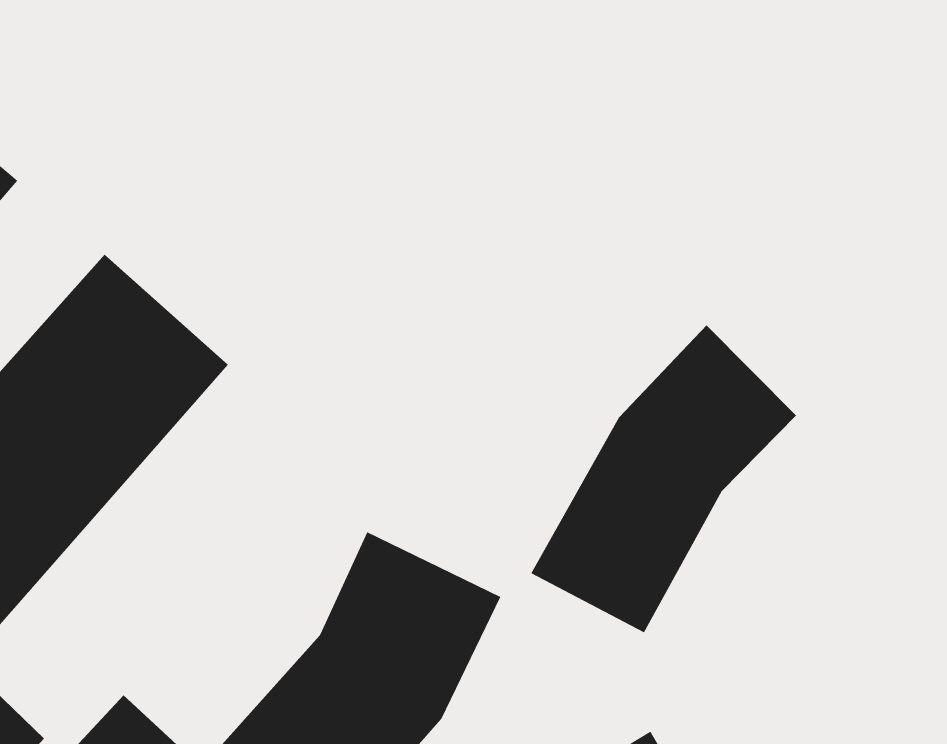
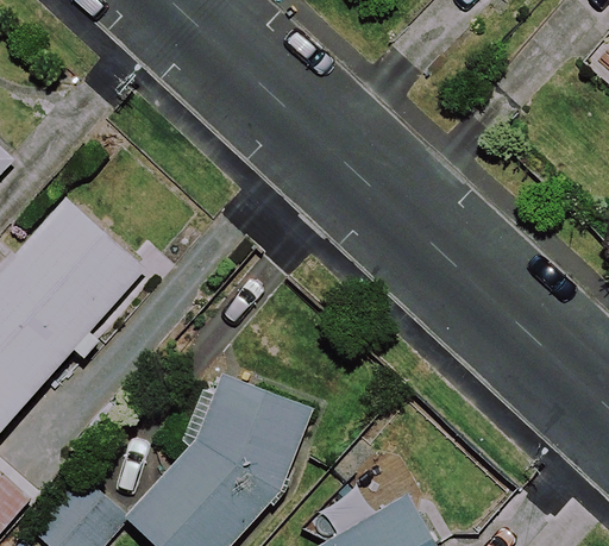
building: [531,325,797,633] -> none

